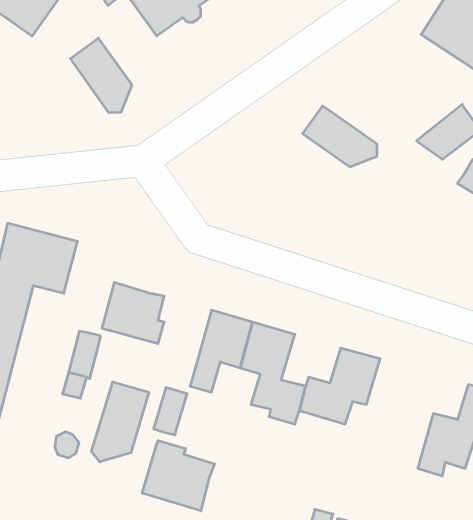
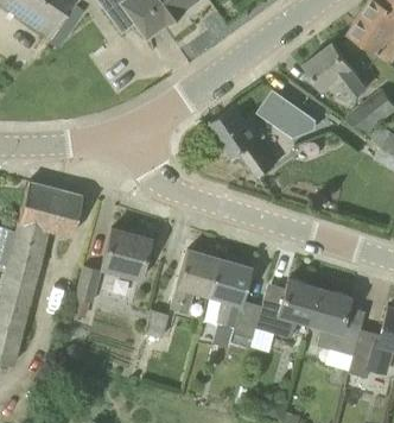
building: [70,38,132,113] -> none
building: none -> [306,43,367,101]
building: none -> [211,106,277,177]
building: none -> [309,288,361,355]
building: [91,382,149,462] -> none
building: [142,441,215,511] -> none

